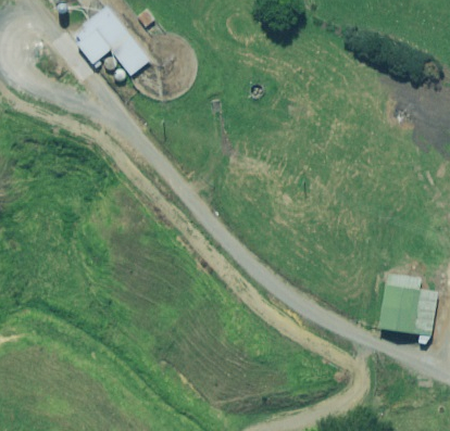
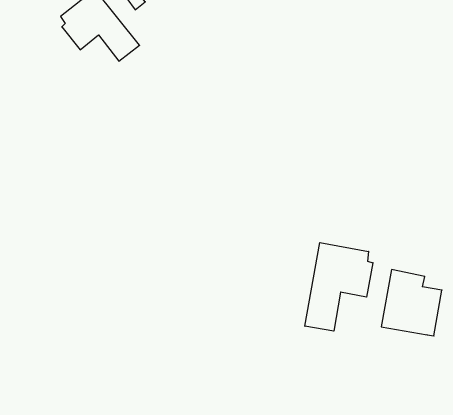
building: none -> [305,243,373,331]

